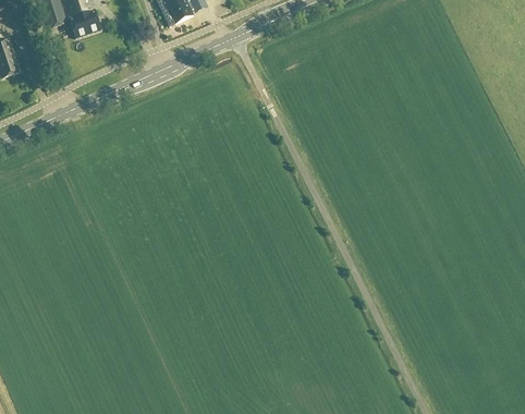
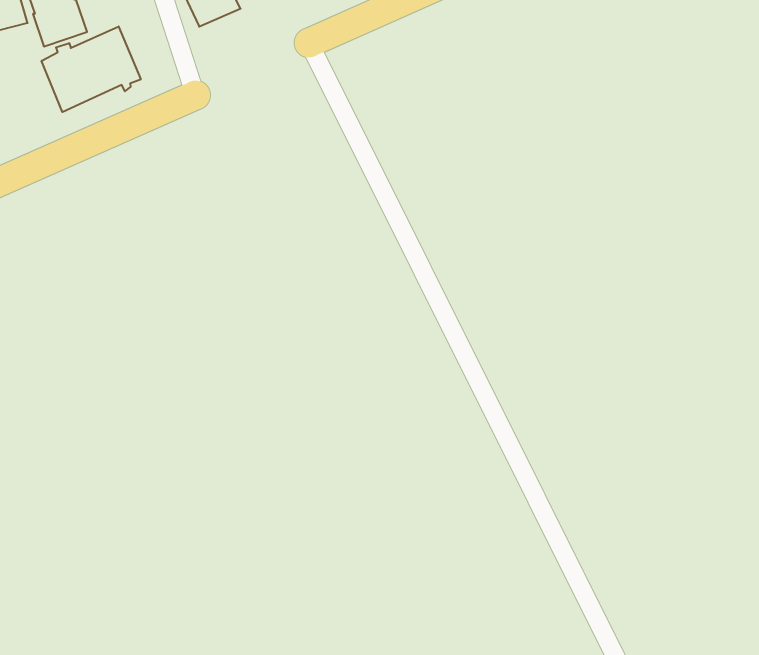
building: none -> [42,26,141,112]

